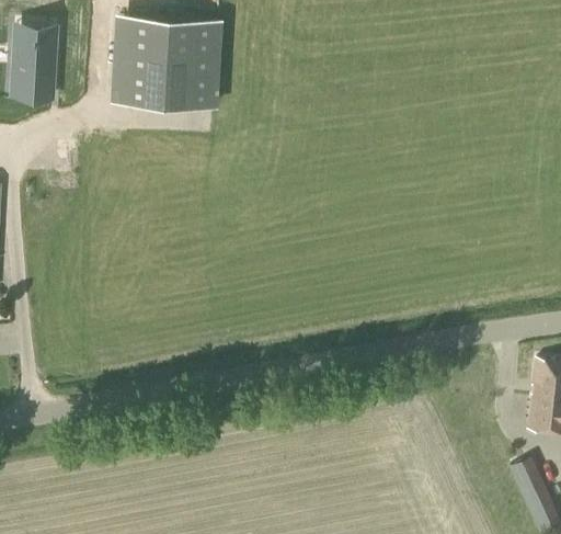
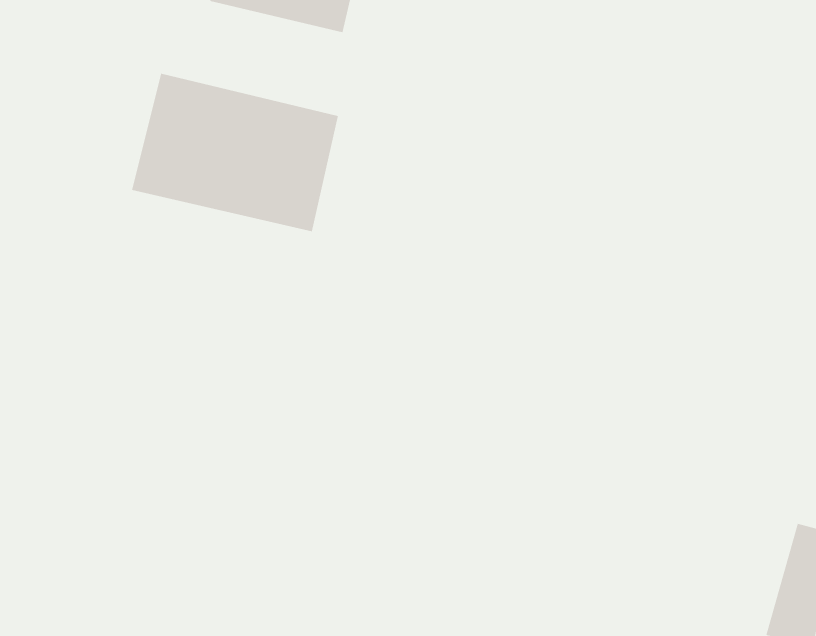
building: none -> [132,73,339,232]

